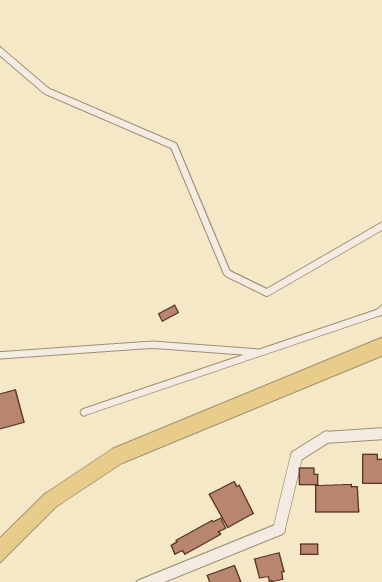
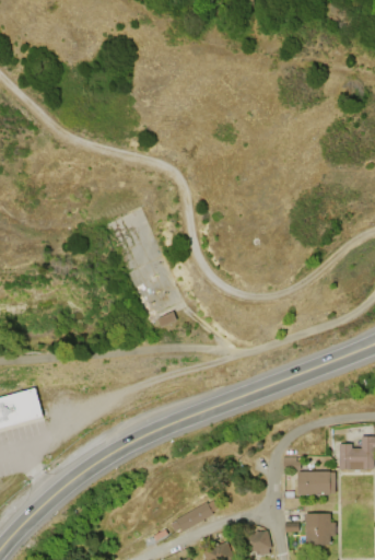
building: [209,482,253,528] -> none
building: none -> [305,513,336,545]

